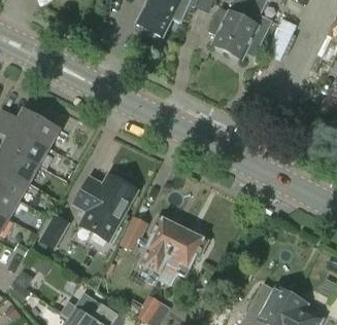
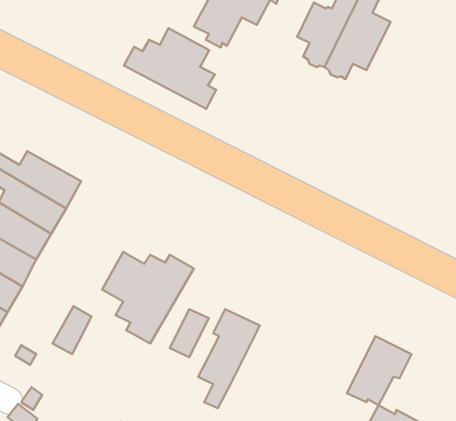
building: none -> [124,28,216,109]
building: [162,228,206,276] -> [347,336,411,405]

